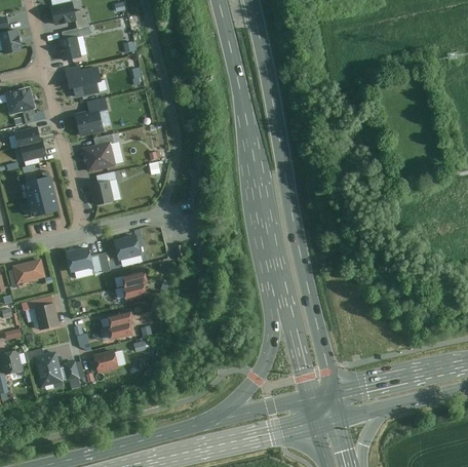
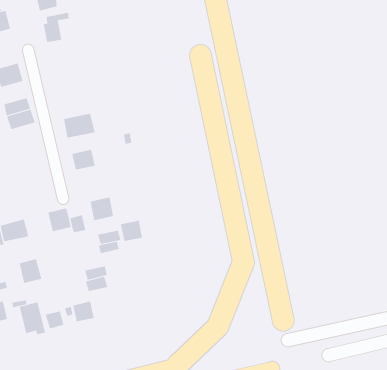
building: [70,64,106,95] -> none
building: [75,99,107,137] -> none
building: [21,172,59,215] -> none
building: none -> [120,220,142,242]

